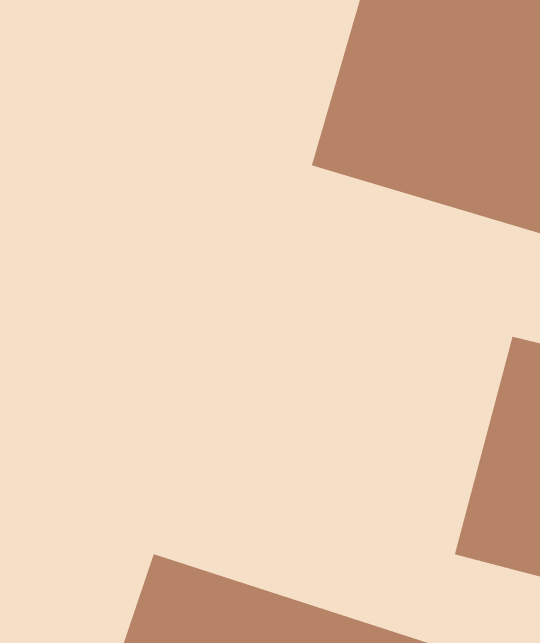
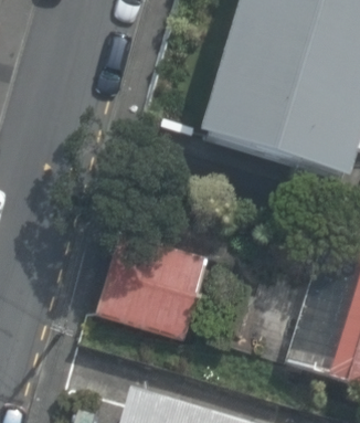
building: none -> [88,228,207,330]

